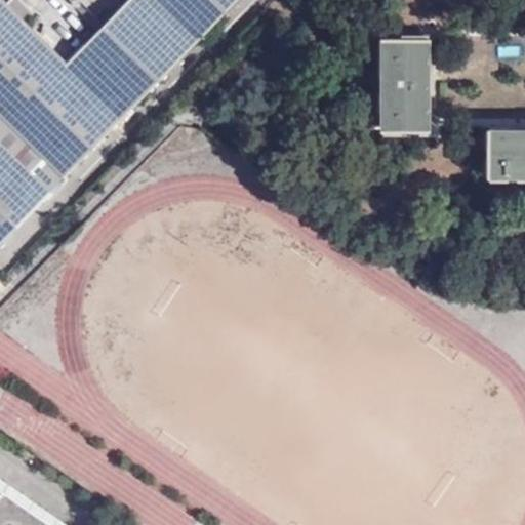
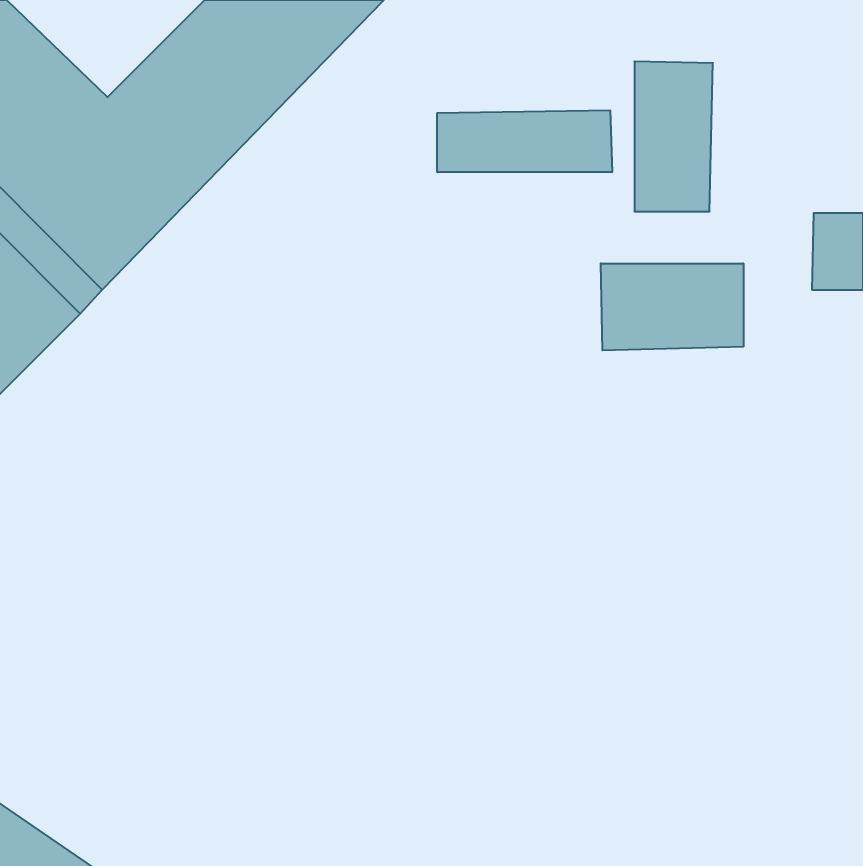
building: none -> [437,110,612,172]
building: none -> [601,263,743,350]

